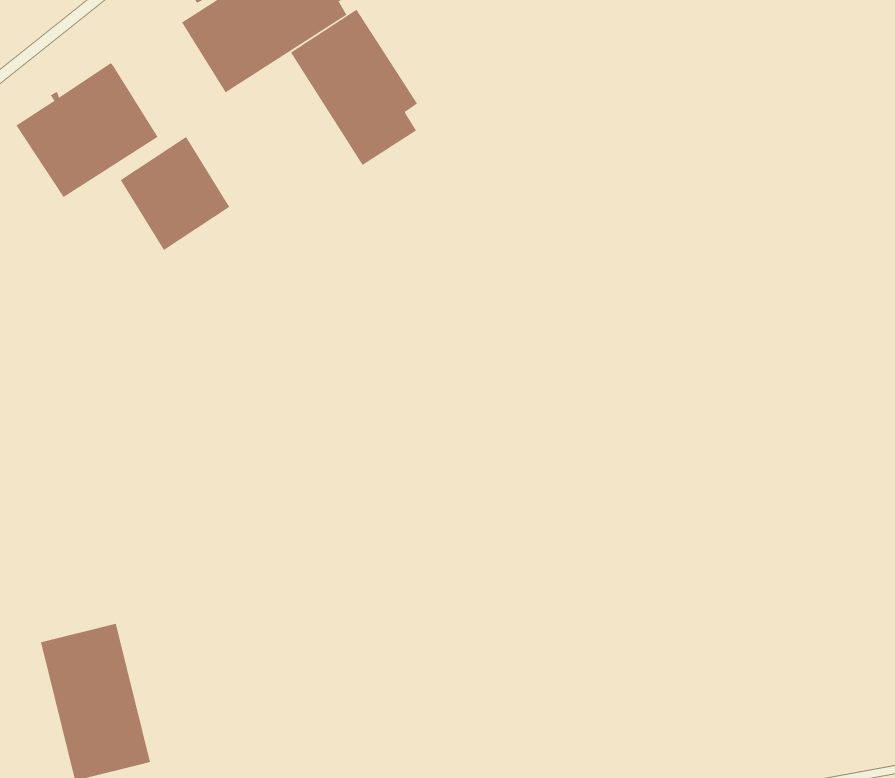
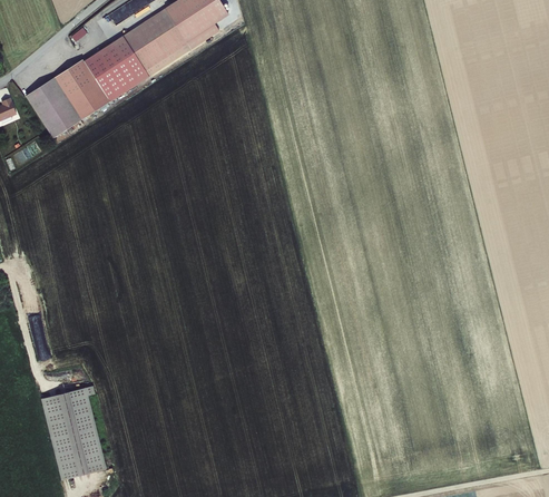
building: [290,9,418,166] -> none
building: [120,136,230,251] -> [84,36,148,103]

